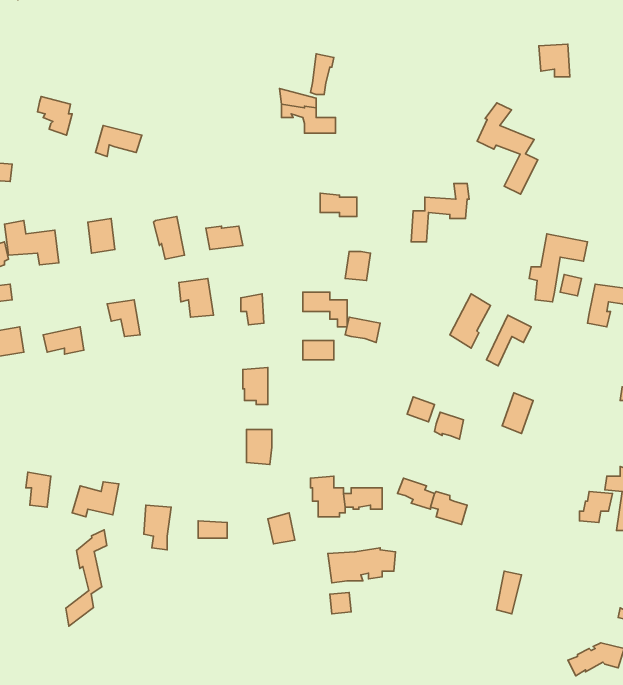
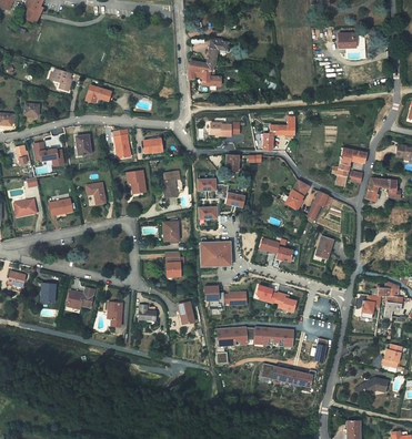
building: [477,103,538,194] -> none
building: none -> [202,241,232,266]
building: [66,530,107,626] -> none
building: none -> [252,325,293,346]
building: none -> [260,364,314,387]

